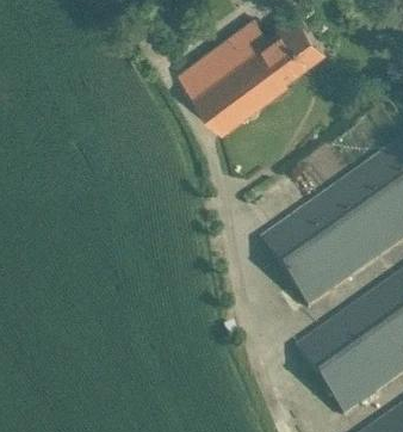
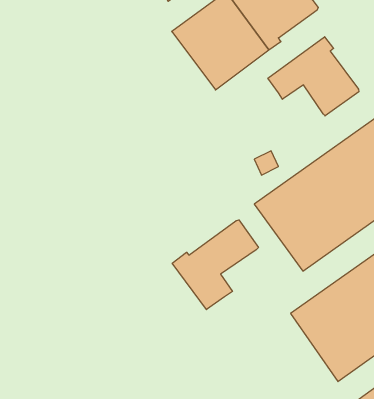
building: none -> [268,37,359,116]
building: none -> [172,220,258,310]

